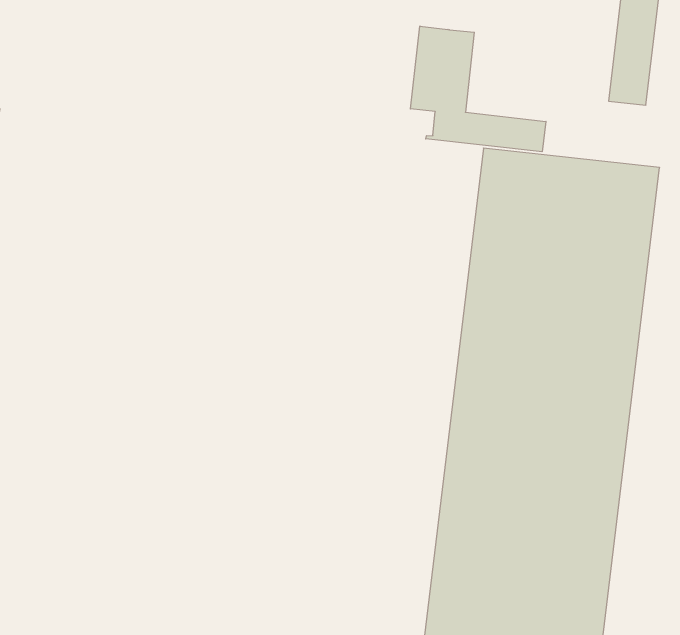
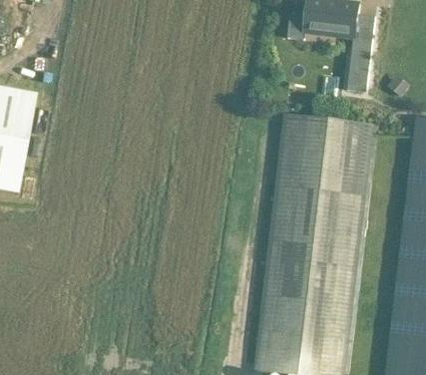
building: [410,26,546,152] -> none

